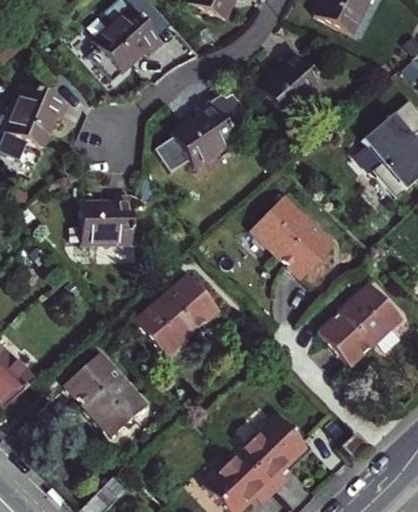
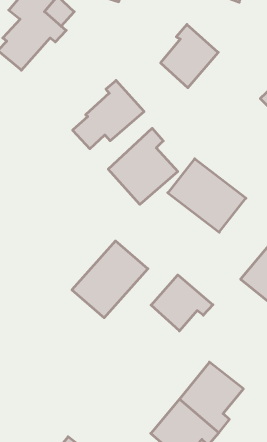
building: none -> [108,128,178,204]
building: [82,197,132,241] -> none
building: none -> [151,275,213,331]
building: [66,351,149,435] -> none

